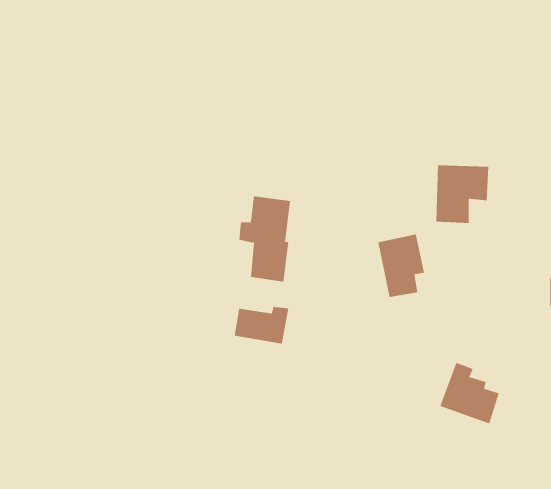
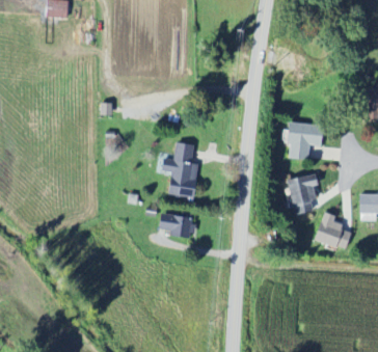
building: [378,234,425,297] -> [288,174,318,215]
building: [439,362,500,424] -> [314,212,352,251]

